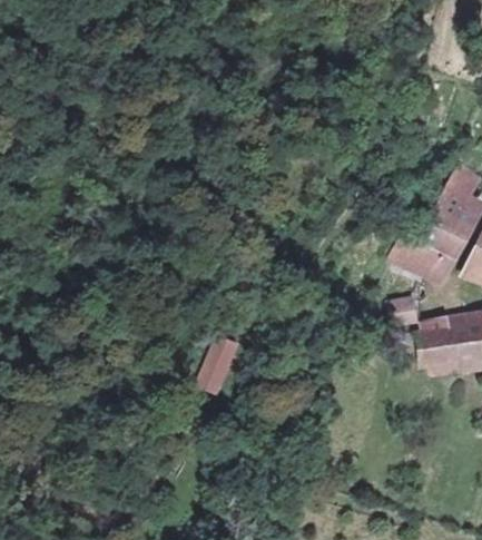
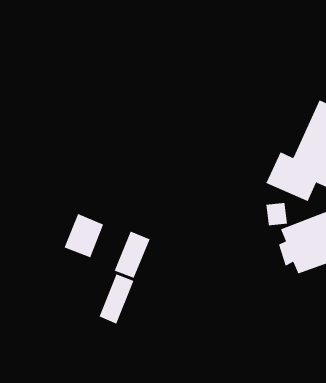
building: none -> [64,213,104,258]
building: none -> [99,274,134,325]

